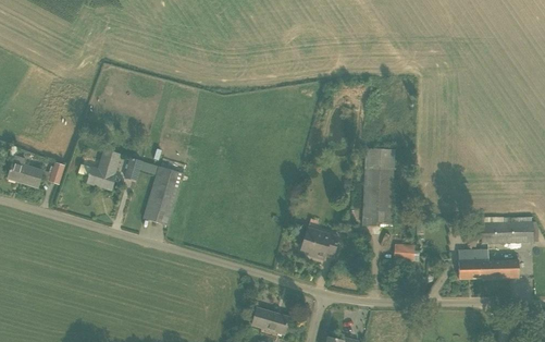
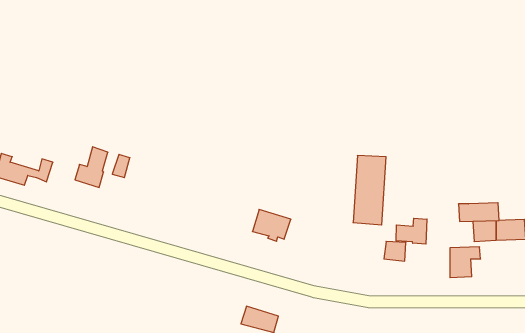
building: [141,164,182,224] -> none
building: none -> [396,218,427,244]
building: [299,227,337,258] -> [252,209,291,241]
building: [478,258,518,277] -> [458,203,499,221]

